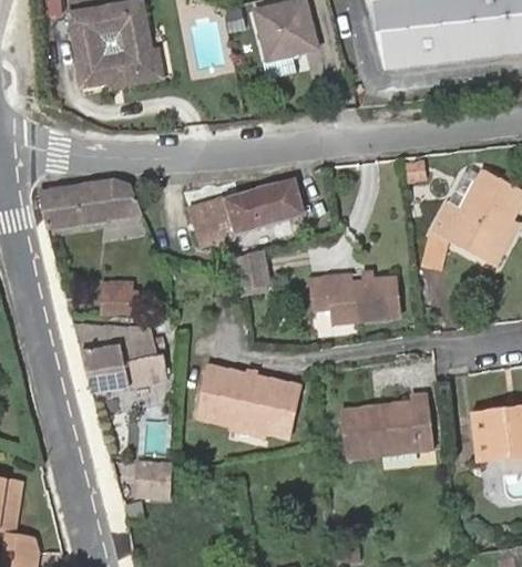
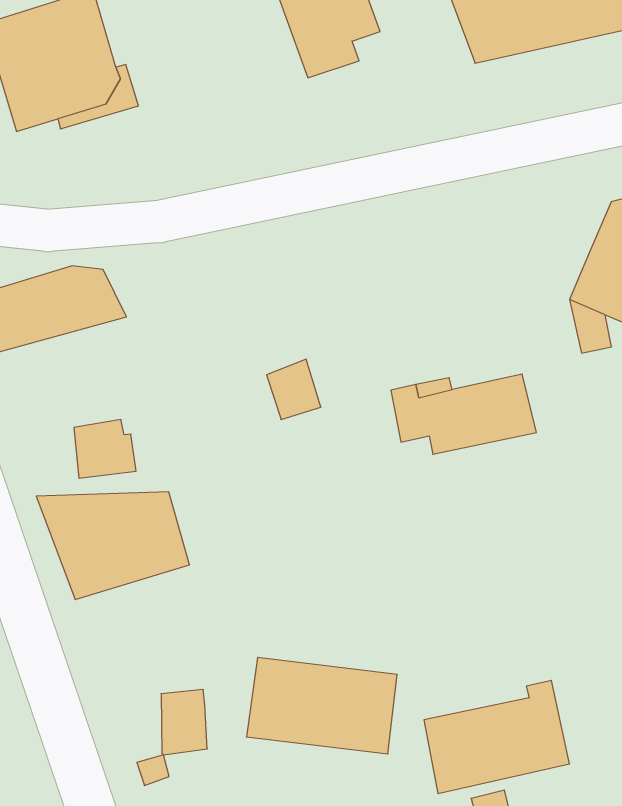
building: [188,176,307,247] -> none
building: [196,365,298,436] -> [246,657,397,754]
building: [341,391,433,457] -> [424,680,570,794]

